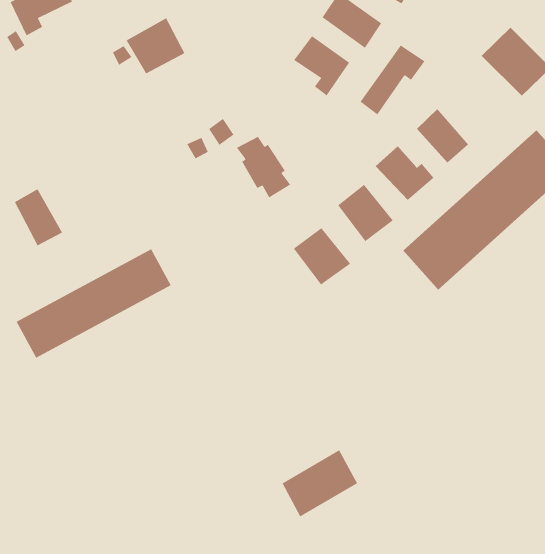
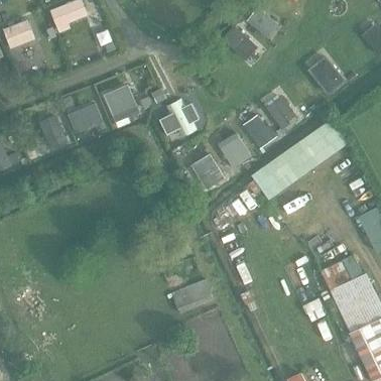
building: [125,17,185,74] -> [104,86,136,116]
building: [293,35,350,96] -> none
building: [359,45,426,116] -> none
building: none -> [69,104,102,133]
building: [15,248,172,359] -> none

